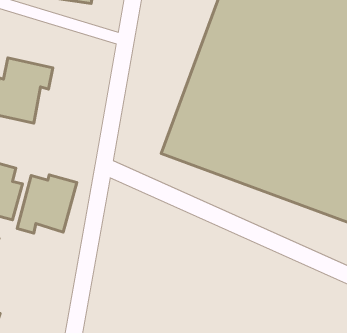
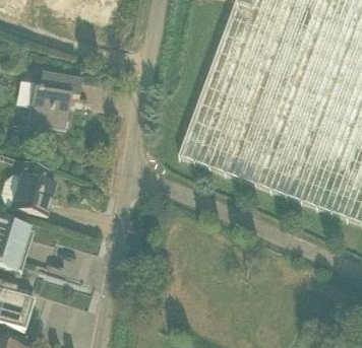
building: [17,175,77,233] -> none

